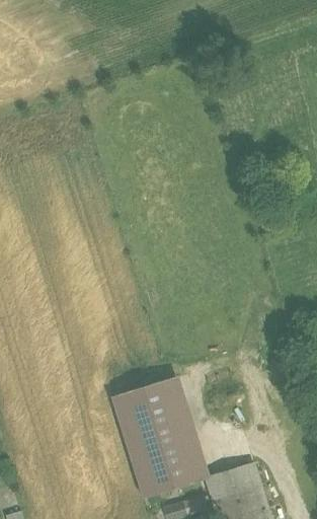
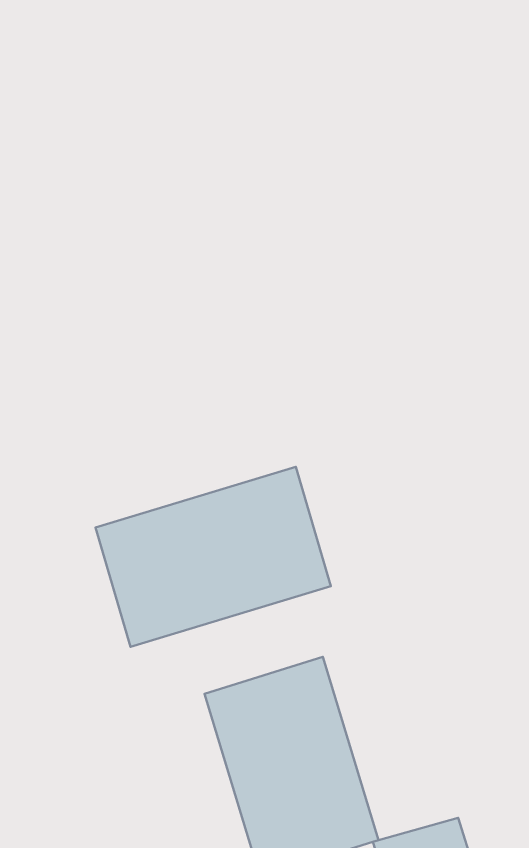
building: none -> [96,467,331,647]

